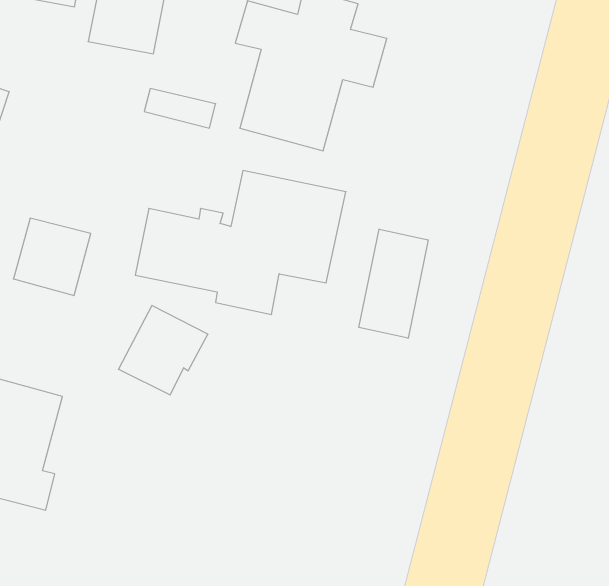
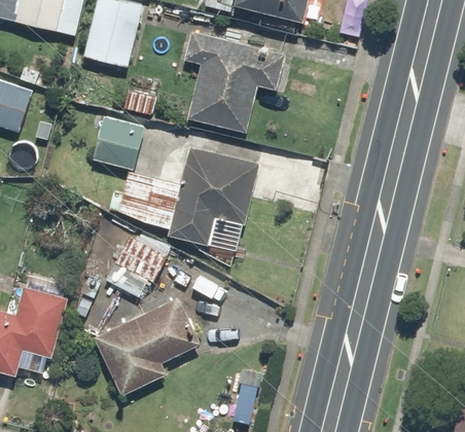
building: [13,218,91,296] -> [92,117,144,170]
building: [359,229,428,338] -> none
building: none -> [96,299,198,395]

